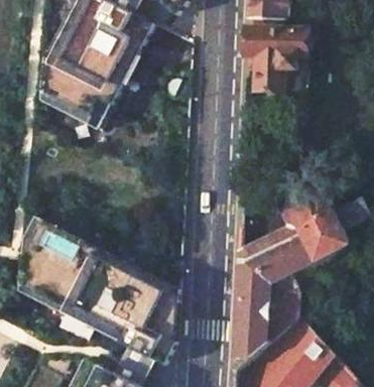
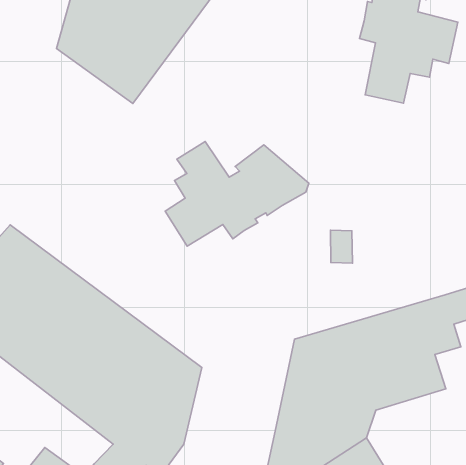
building: none -> [165,141,309,246]
building: [234,188,328,260] -> none

